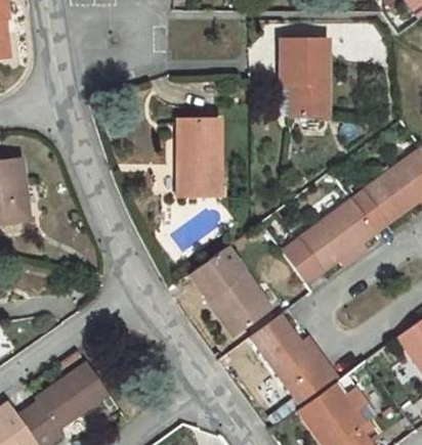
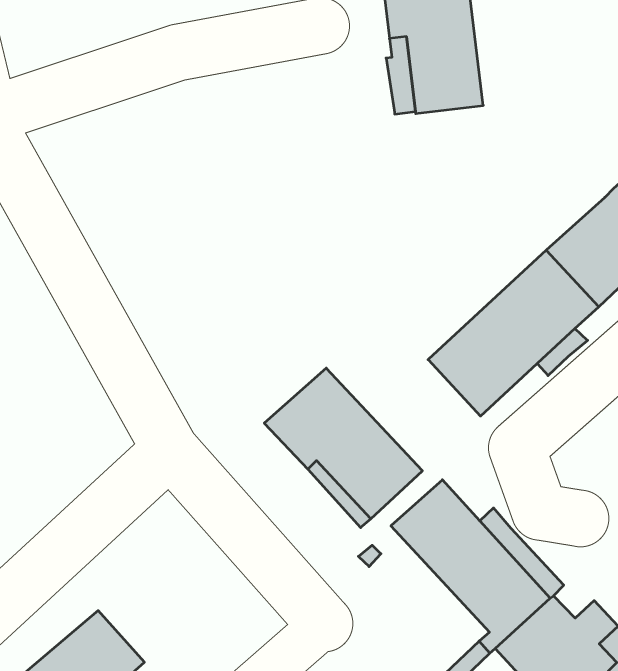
building: [177,120,220,196] -> none

